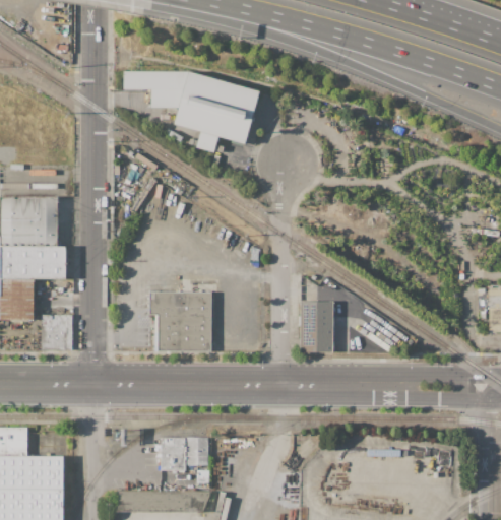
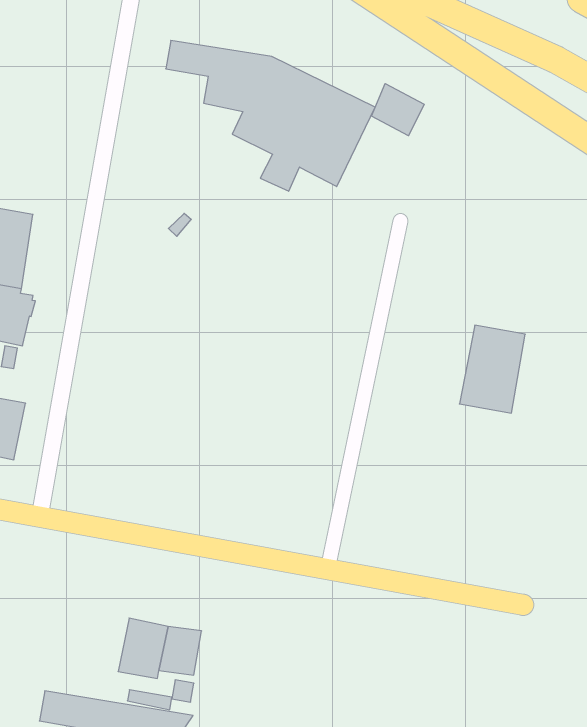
building: none -> [371,84,424,136]
building: [146,290,211,352] -> none
building: [299,302,332,352] -> [459,325,525,413]

